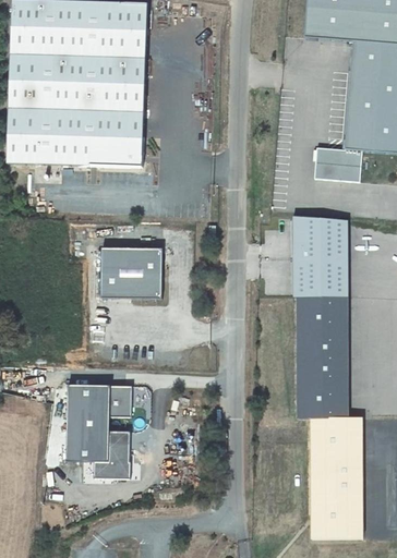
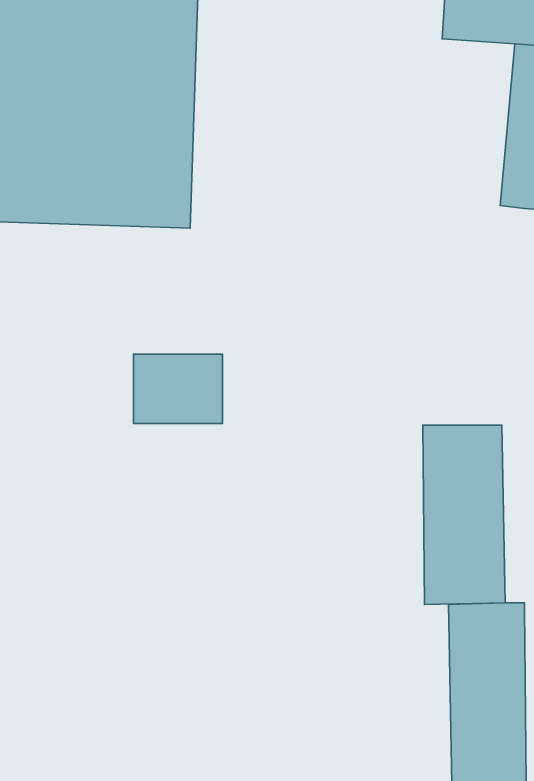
building: [314,146,363,181] -> none
building: [294,216,349,296] -> none
building: [62,381,132,478] -> none

